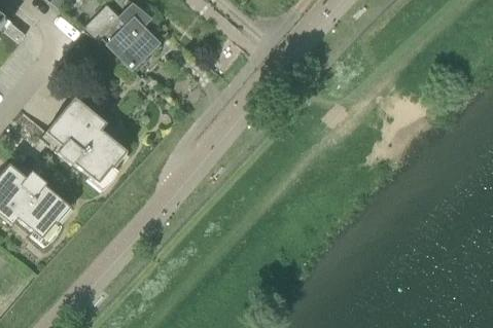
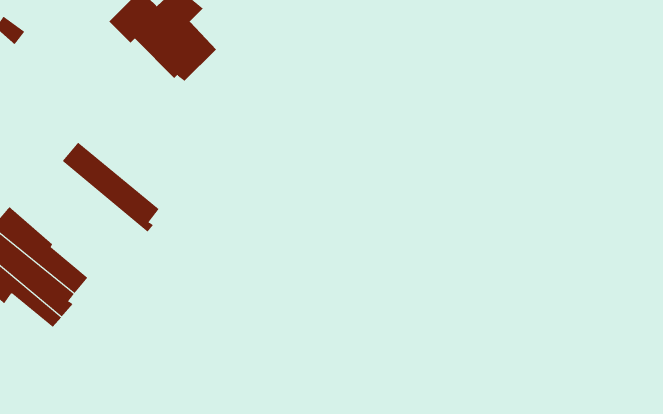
building: [63,97,127,158] -> none
building: [40,124,112,187] -> none

